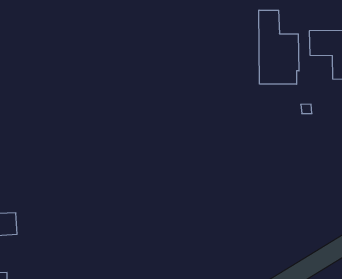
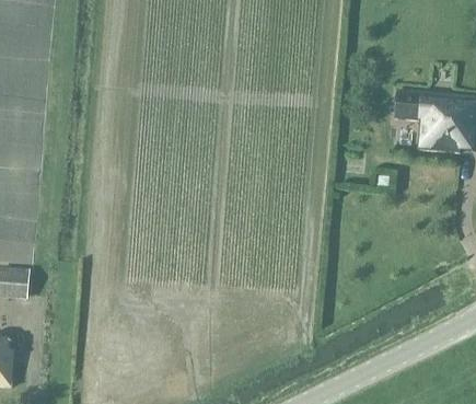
building: [259,10,299,84] -> none

